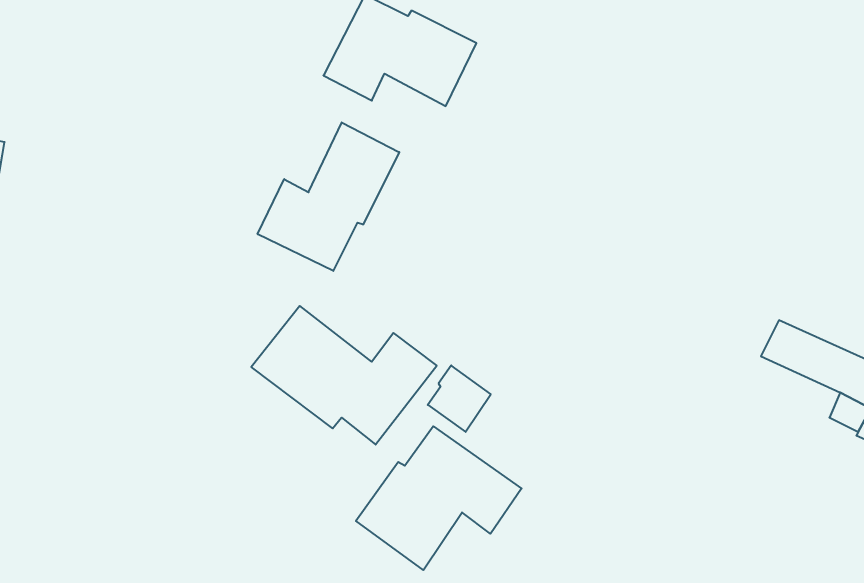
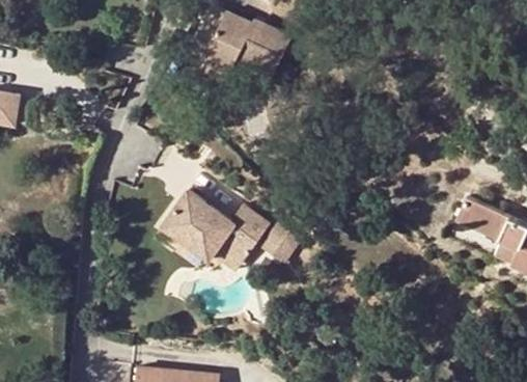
building: [258,122,399,271] -> none
building: [356,426,522,570] -> none

